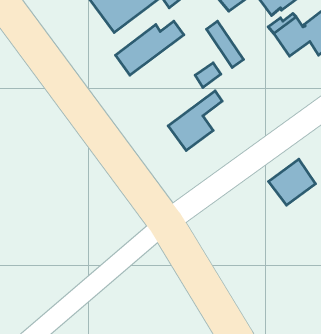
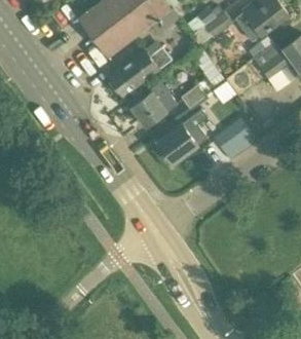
building: none -> [131,85,177,128]
building: [268,159,316,205] -> [214,118,257,160]

